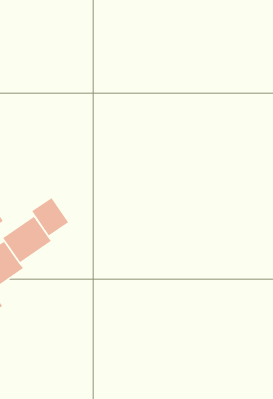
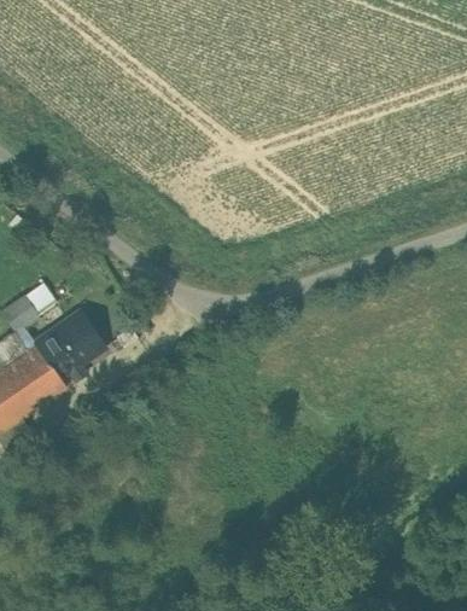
building: [31,197,69,236] -> none

